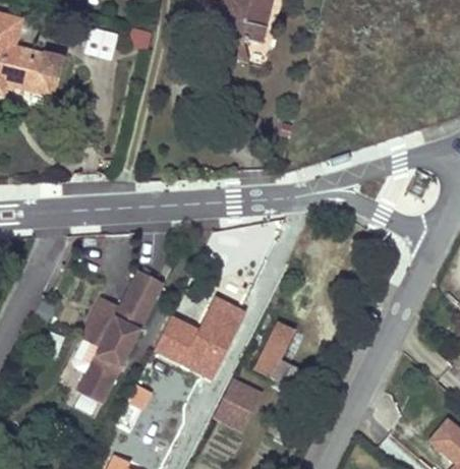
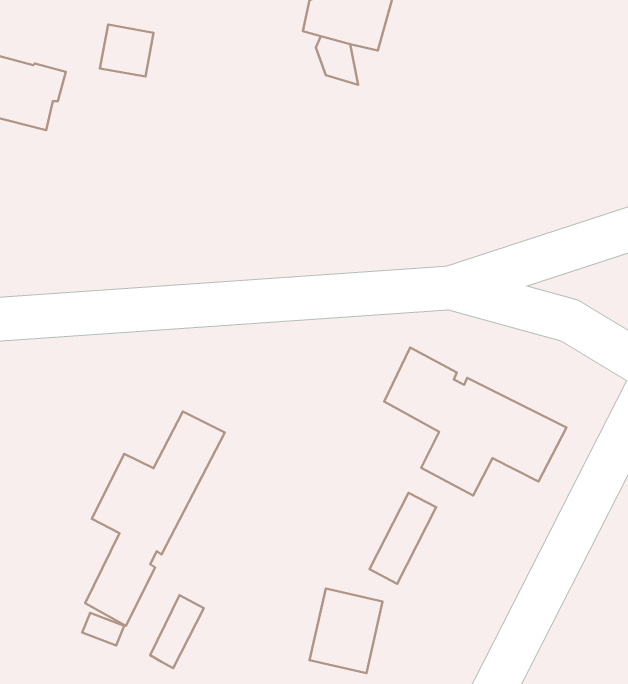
building: none -> [384,348,566,495]
building: [154,295,245,378] -> none

